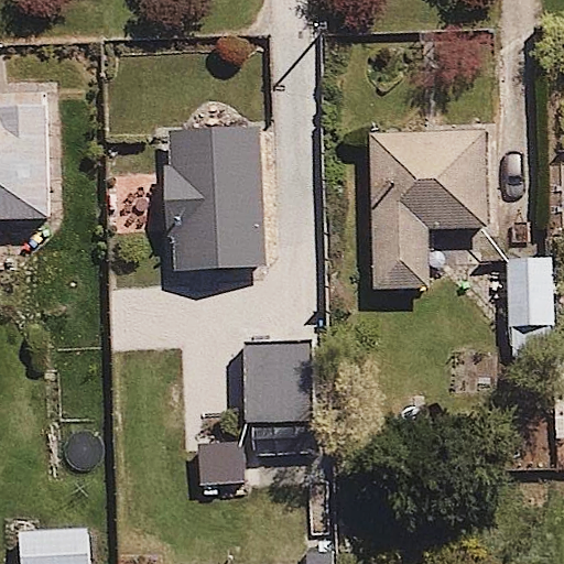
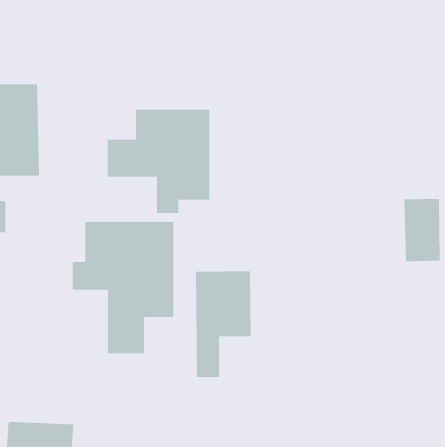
building: [358,129,491,291] -> none
building: none -> [72,221,174,354]

